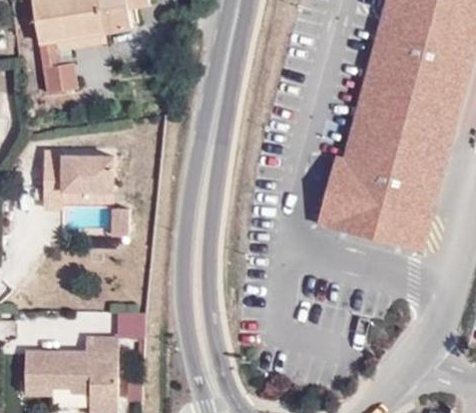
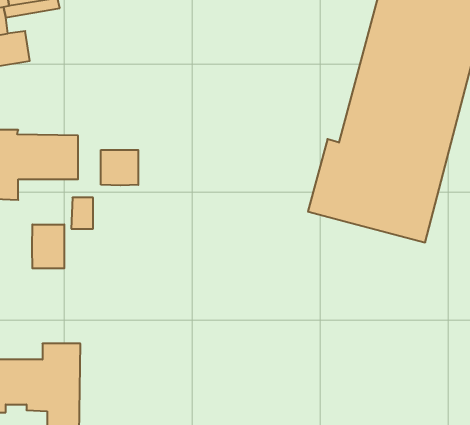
building: none -> [101,150,138,185]
building: none -> [32,224,64,268]

